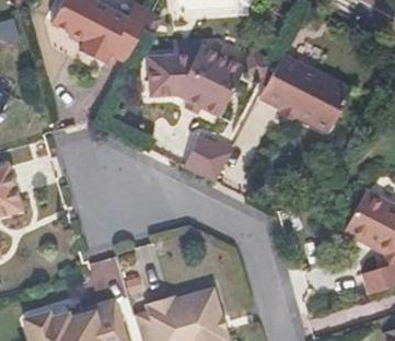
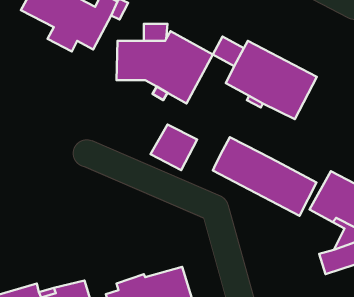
building: none -> [213,137,317,216]

